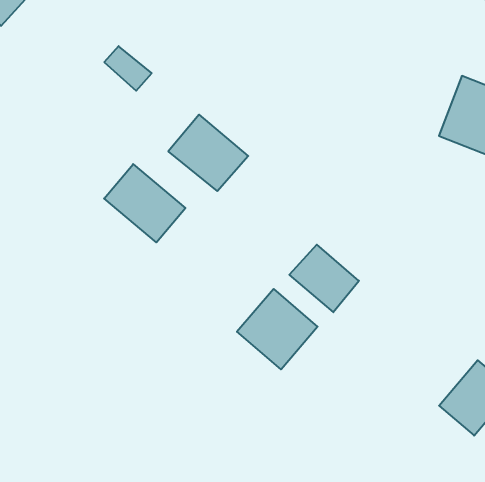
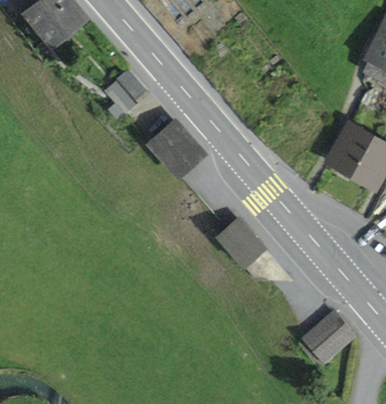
building: [104,164,185,242] -> none
building: [237,289,318,369] -> none

